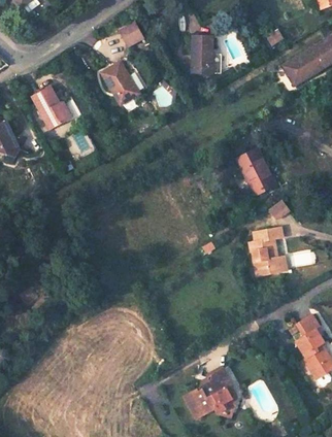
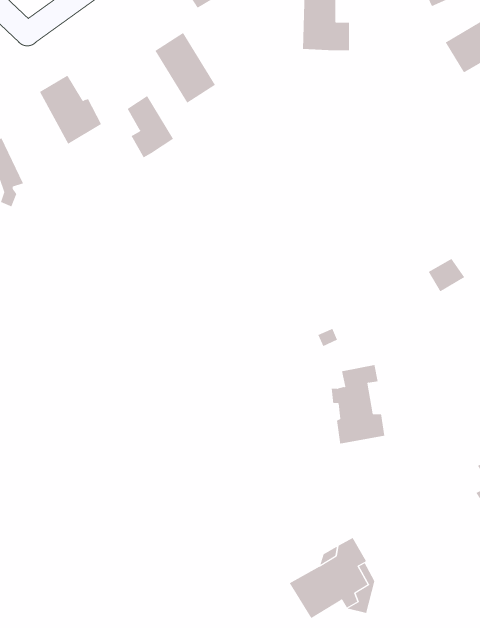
building: none -> [127,95,174,158]
building: [237,149,274,195] -> none
building: [252,227,285,275] -> [331,364,385,444]

